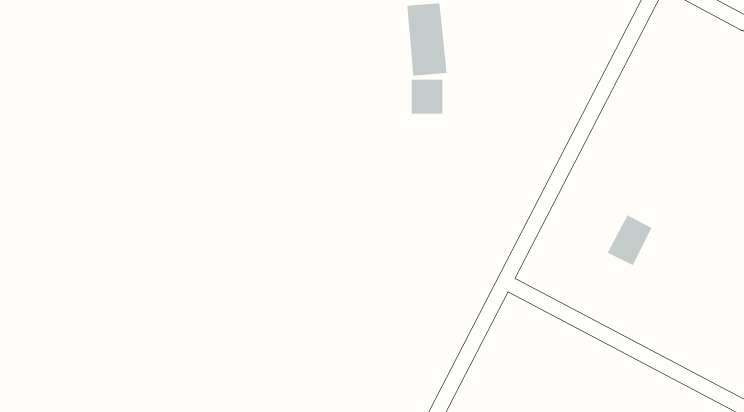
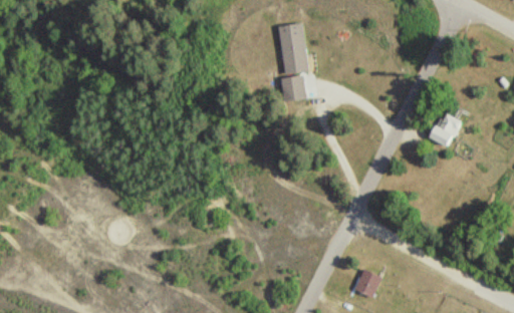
building: [607,215,652,266] -> [431,111,462,146]
building: none -> [353,268,381,297]

